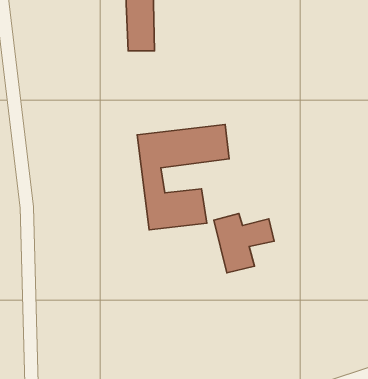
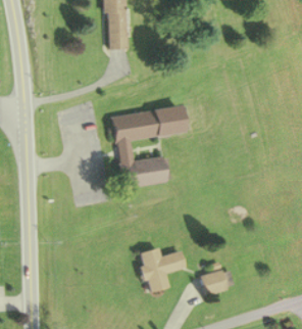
building: [214,214,274,273] -> [138,246,185,292]
building: none -> [199,262,234,295]

